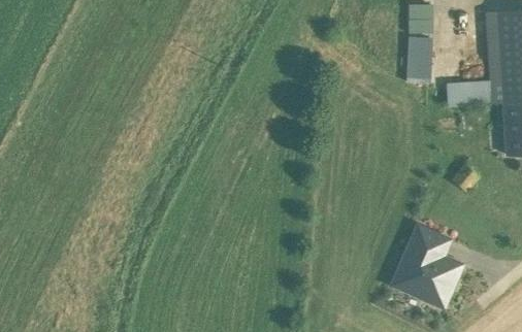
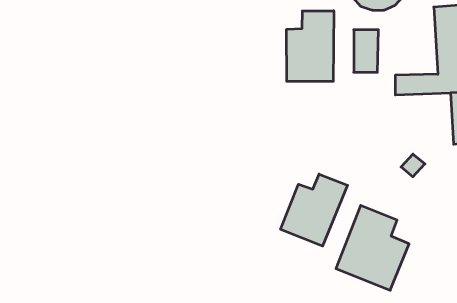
building: none -> [287,11,334,81]
building: none -> [281,174,348,246]

